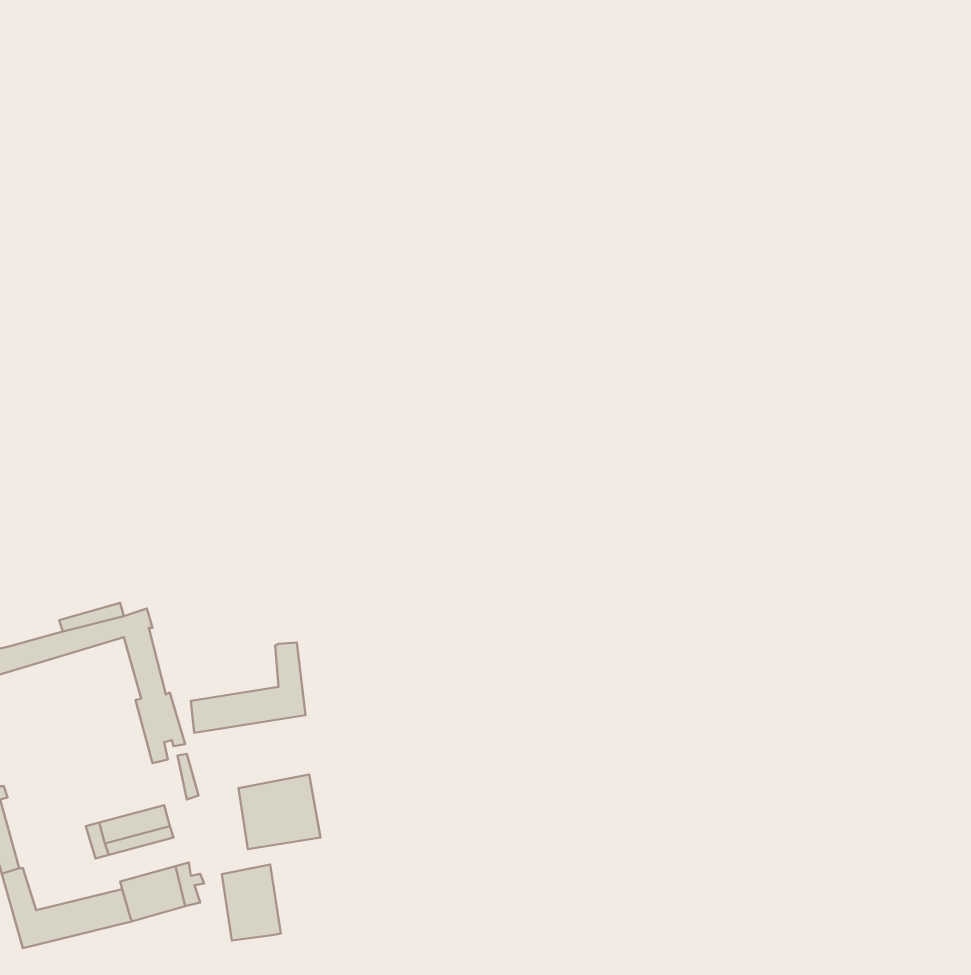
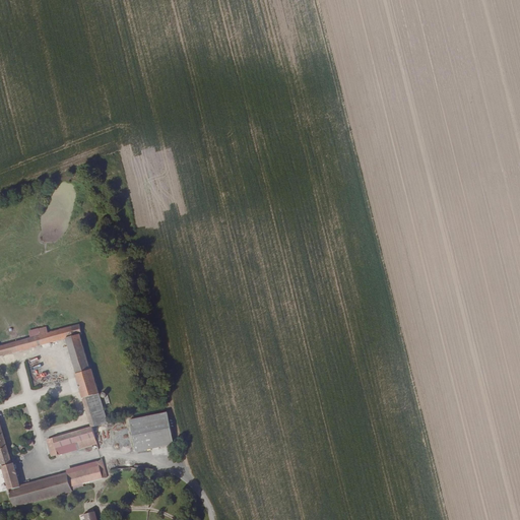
building: [191,642,306,733] -> none
building: [222,865,281,941] -> none

